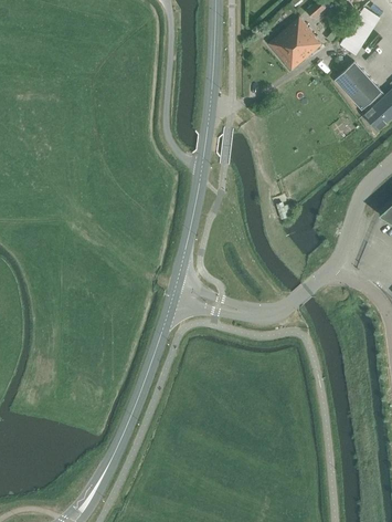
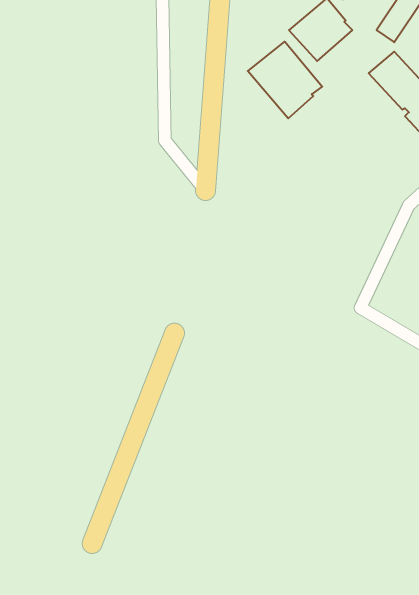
building: none -> [248,42,322,118]

